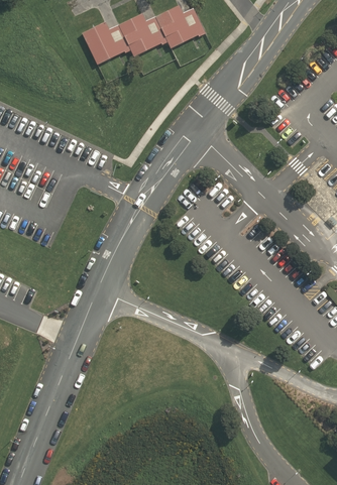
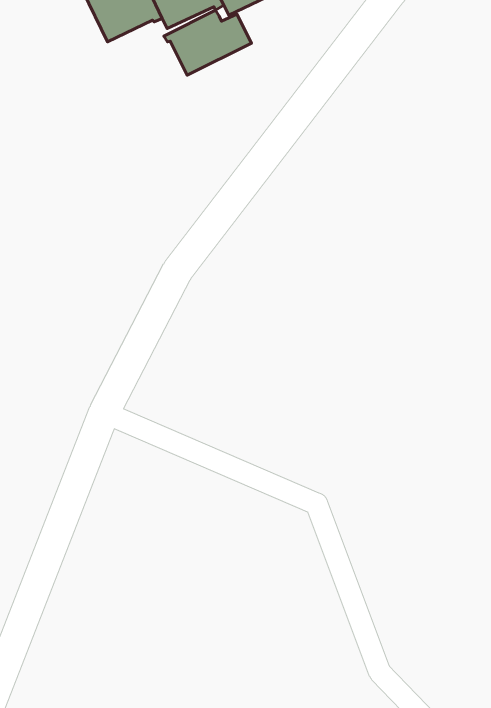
building: none -> [164,10,251,75]

